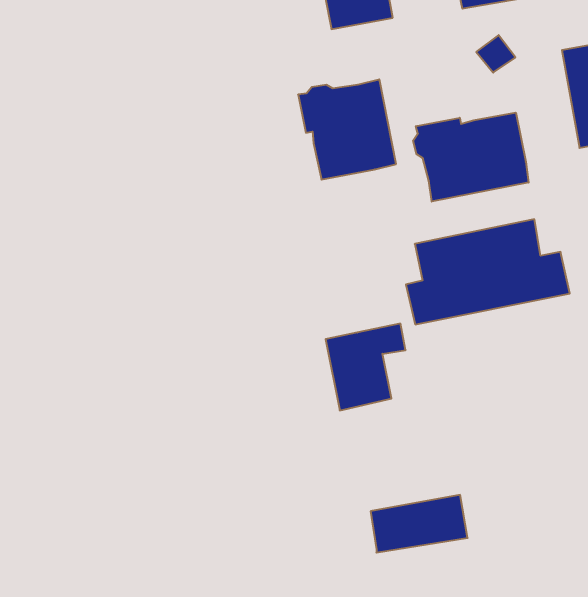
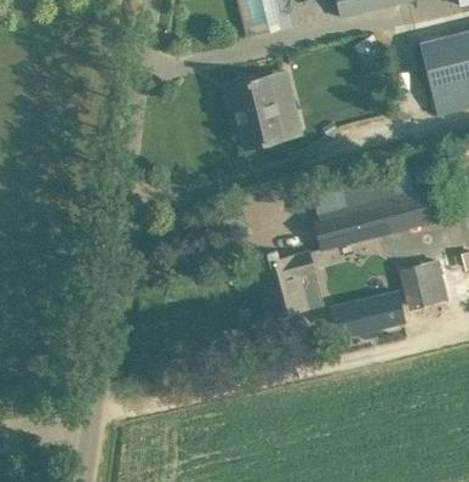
building: [413,113,529,202] -> none
building: none -> [404,261,447,308]
building: [371,495,468,553] -> [333,291,406,338]

